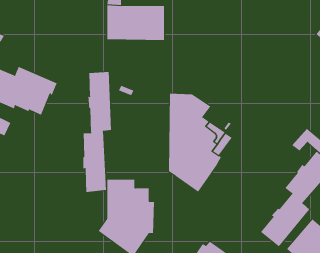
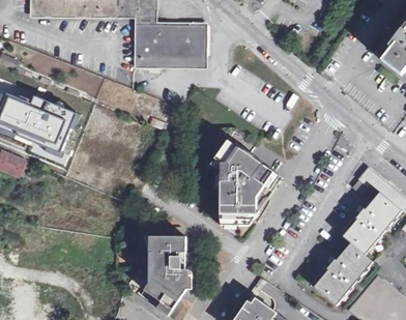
building: [83,71,111,193] -> none

